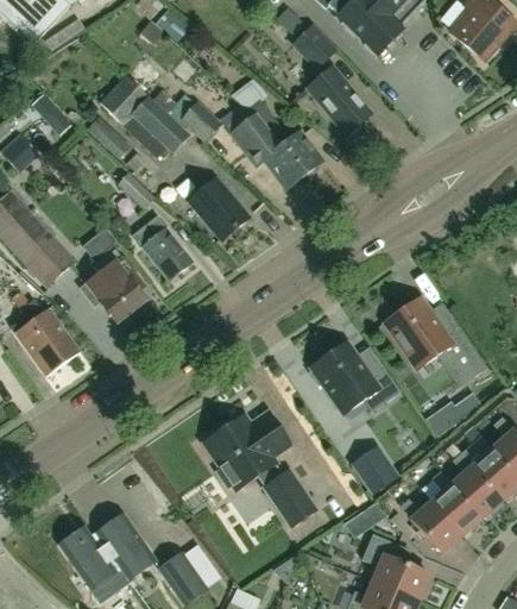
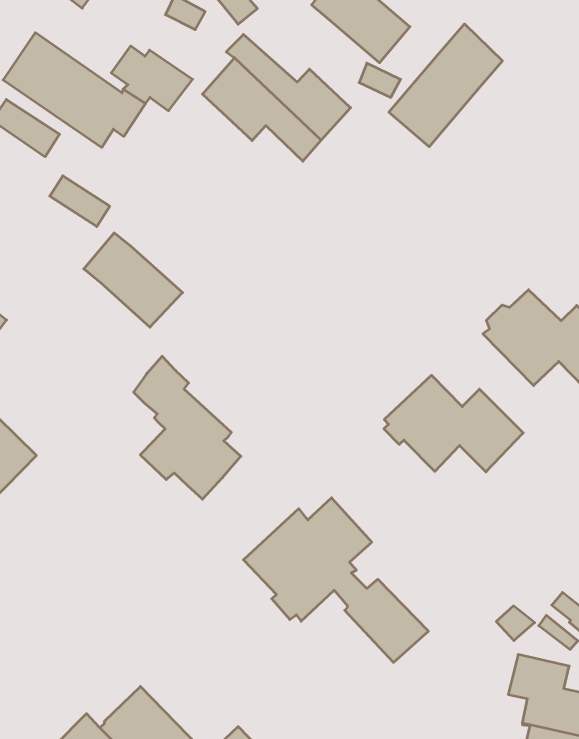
building: none -> [389,24,502,147]
building: [189,177,250,240] -> none
building: [81,226,146,324] -> [134,356,241,499]
building: [352,452,397,498] -> none

